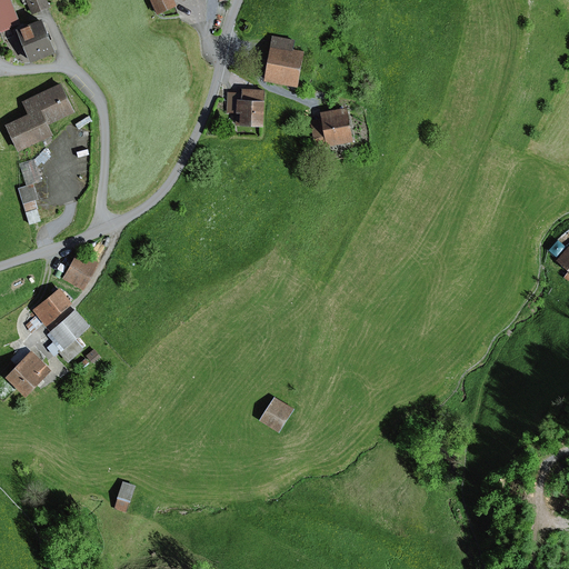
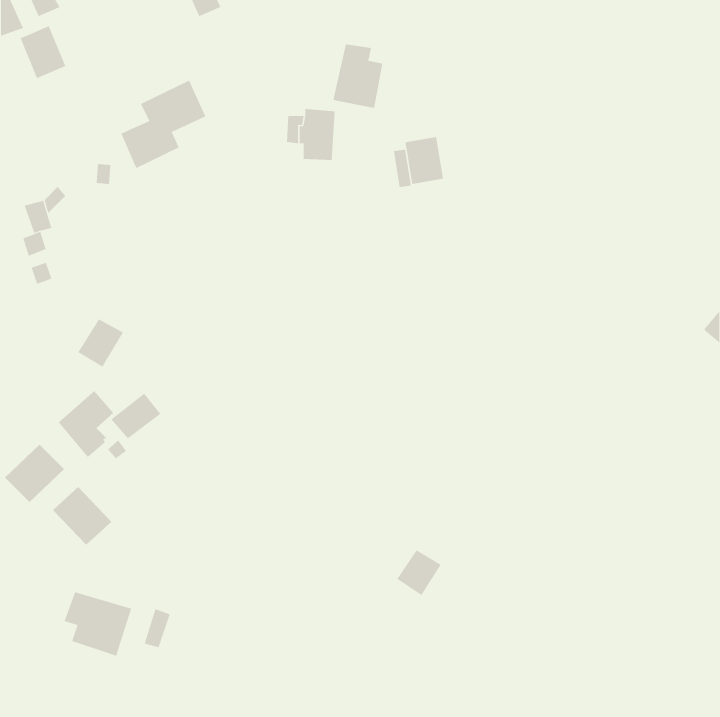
building: [6,82,73,152] -> [120,80,206,169]
building: [32,288,72,325] -> [111,393,161,439]
building: none -> [52,486,112,546]
building: [258,396,293,432] -> [397,549,442,596]
building: none -> [64,592,132,657]

